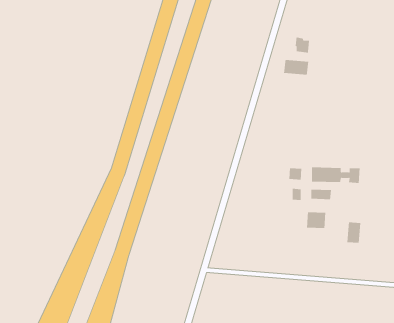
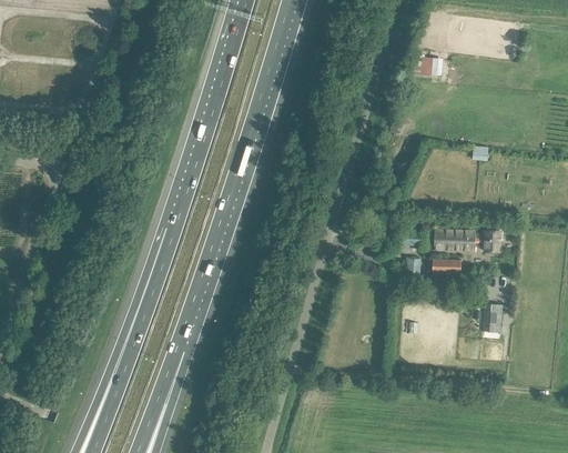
building: [283,59,309,76] -> none
building: [307,211,326,229] -> none

